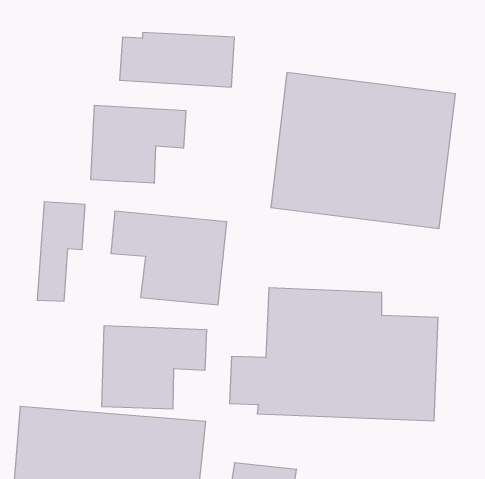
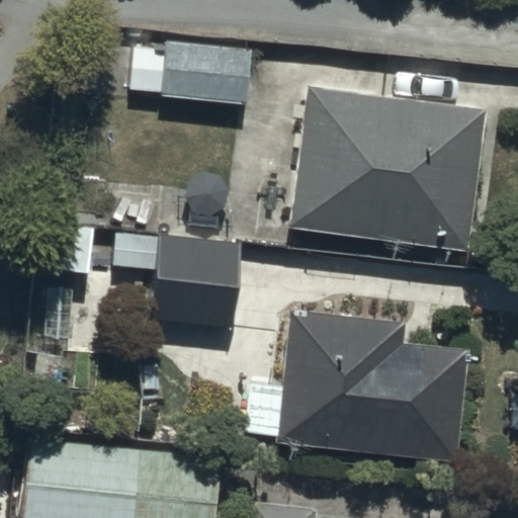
building: [91,105,186,183] -> none
building: [102,326,206,409] -> none

